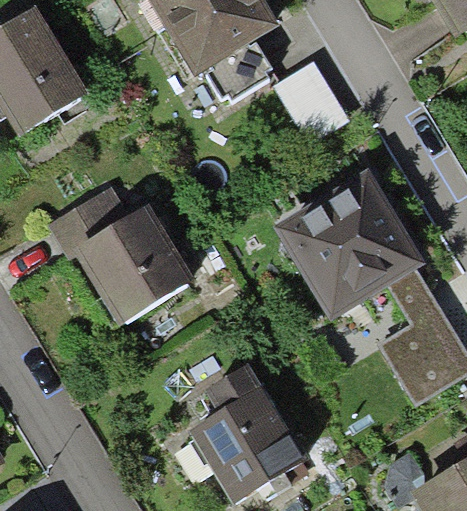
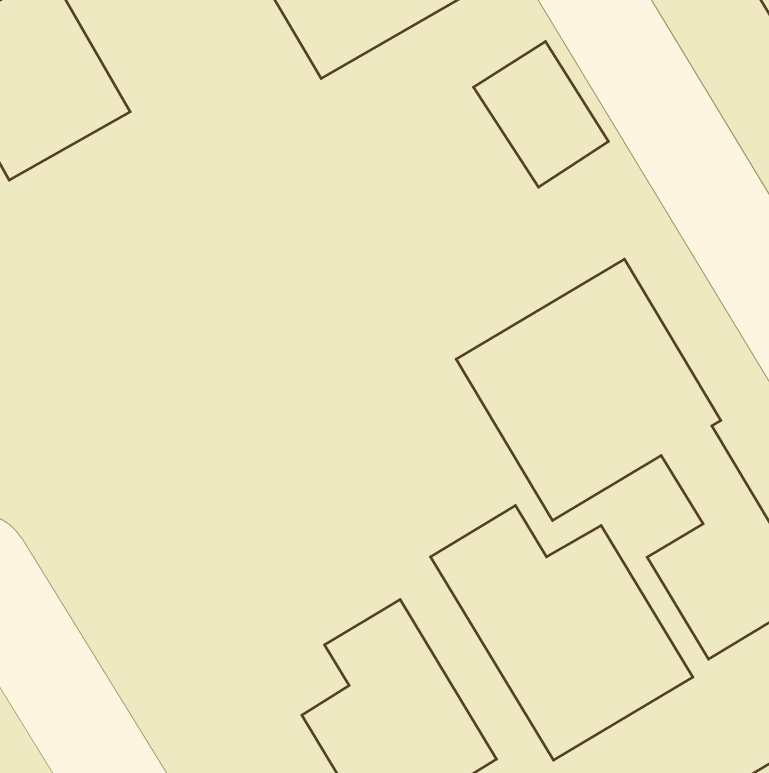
building: [67,207,193,326] -> none
building: none -> [431,505,693,760]

